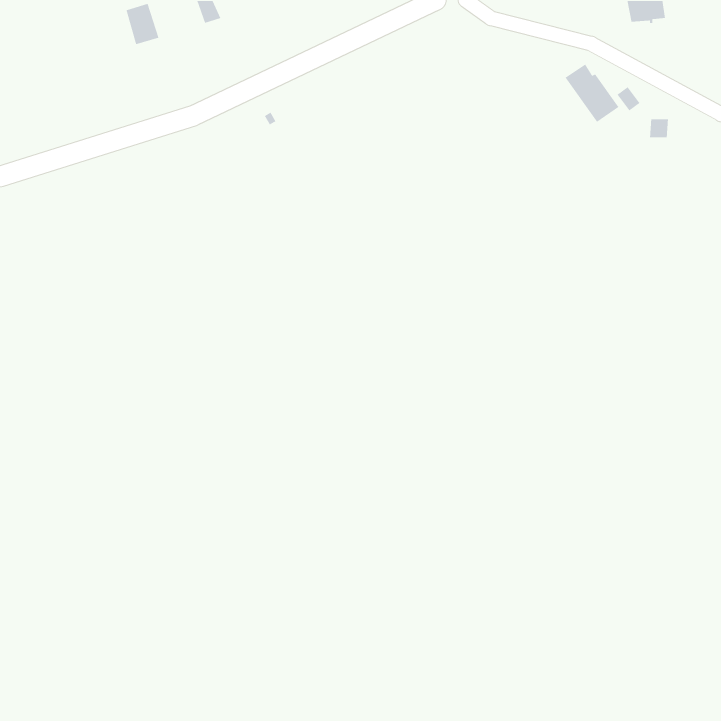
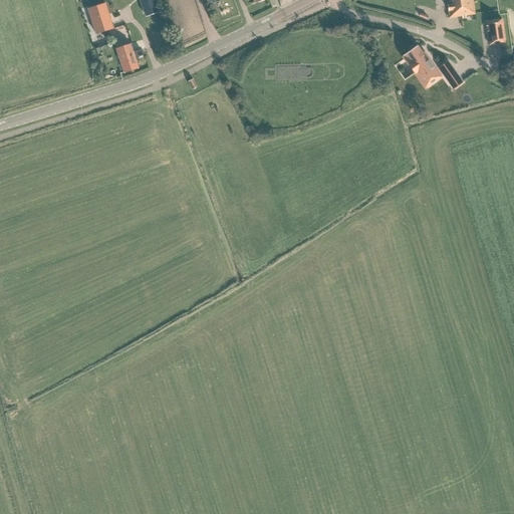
building: none -> [485,19,505,45]
building: none -> [115,44,143,73]

